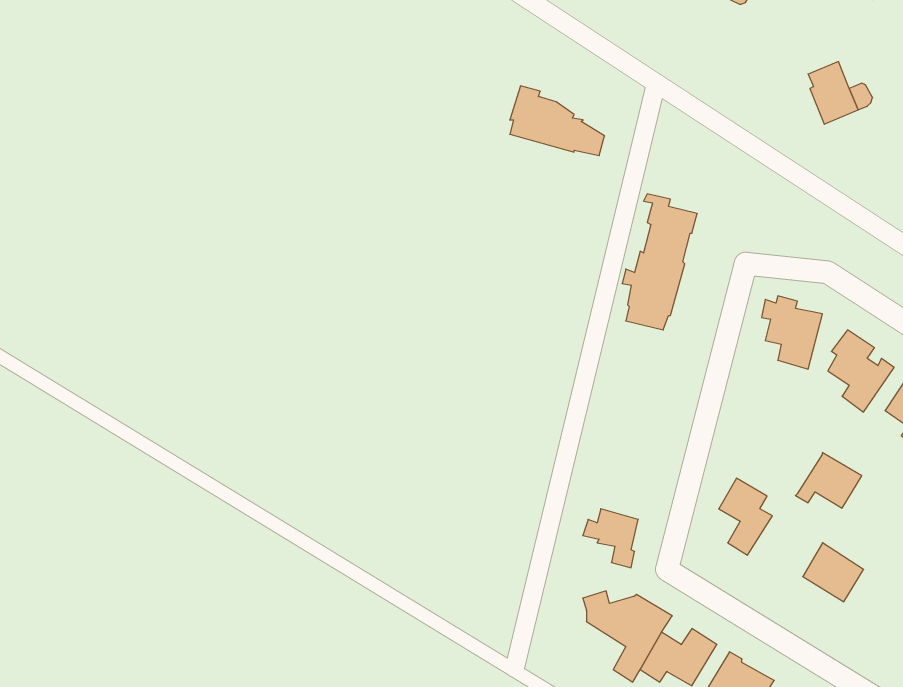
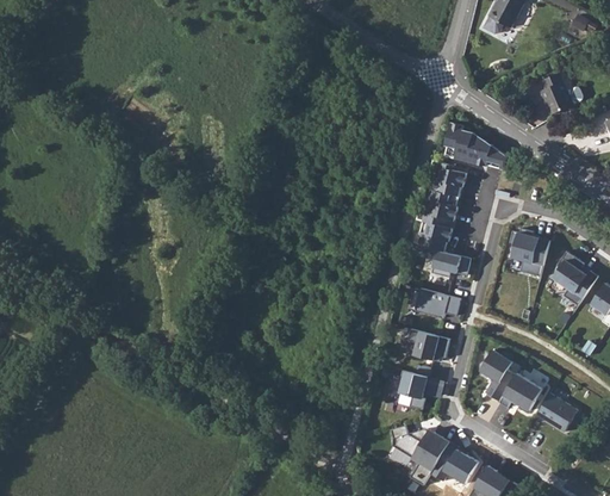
building: [510,86,605,156] -> [444,122,508,168]
building: none -> [417,244,472,277]
building: none -> [415,287,461,318]
building: none -> [409,328,450,361]
building: [795,453,862,508] -> [499,373,543,410]

